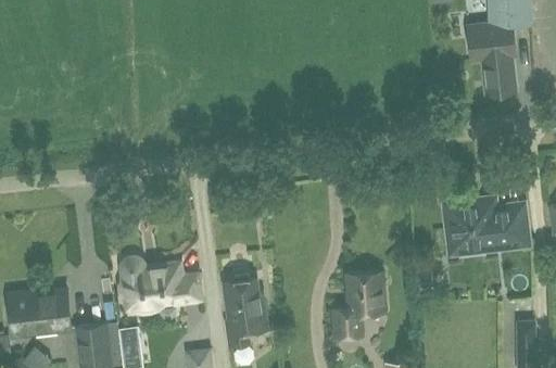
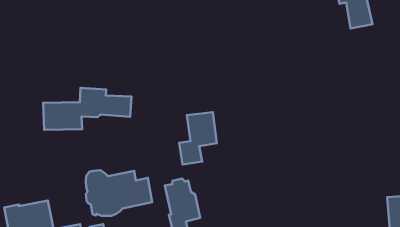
building: none -> [43,88,131,130]
building: [443,203,526,251] -> none
building: [332,274,382,340] -> [179,112,217,165]

